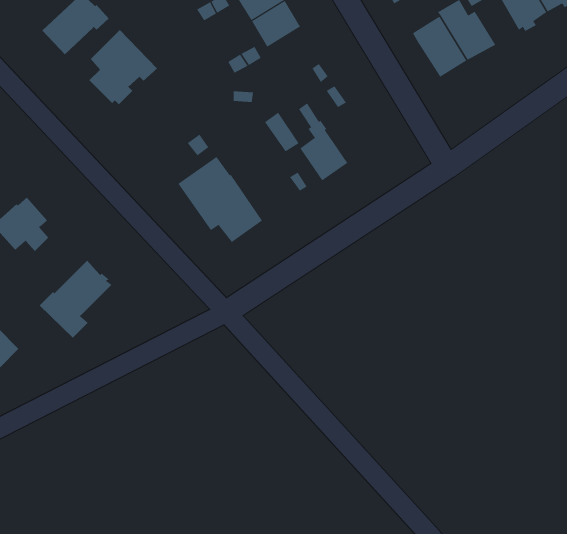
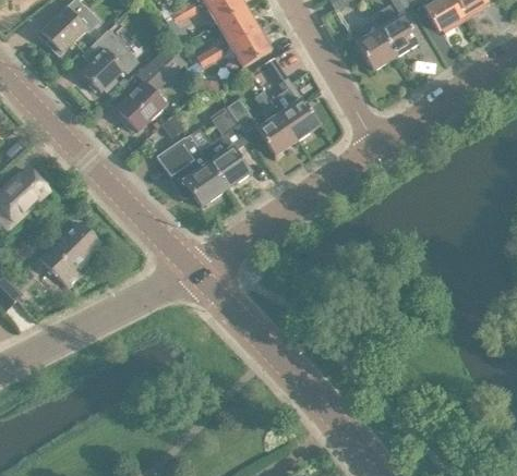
building: none -> [229,27,270,66]
building: none -> [116,45,181,131]
building: none -> [278,98,320,141]
building: none -> [200,112,250,188]

